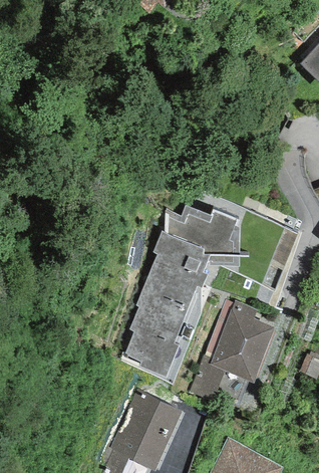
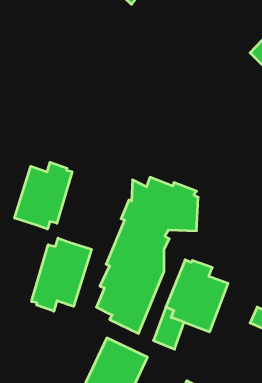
building: none -> [15,162,72,229]
building: none -> [32,238,91,311]

